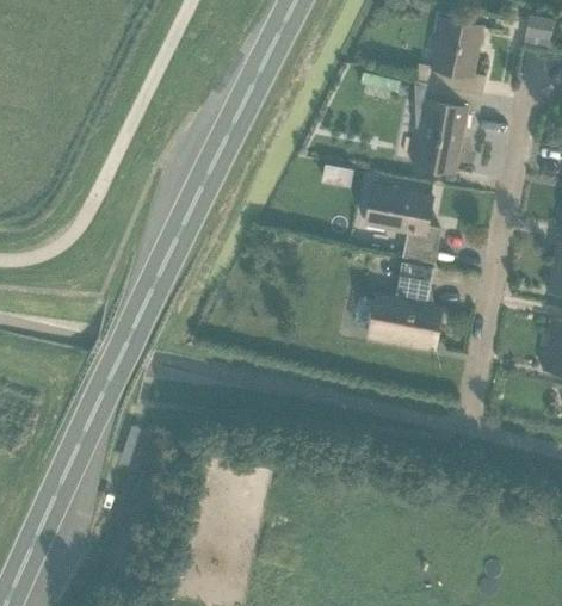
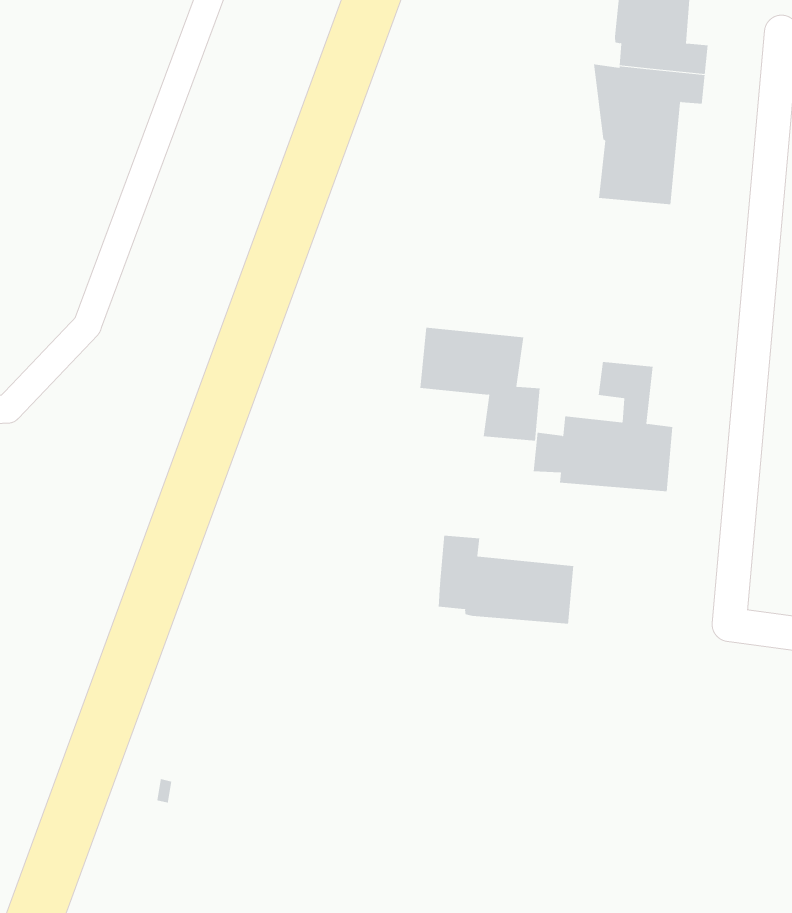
building: [368,179,441,255] -> [420,327,541,441]
building: none -> [438,535,574,625]

